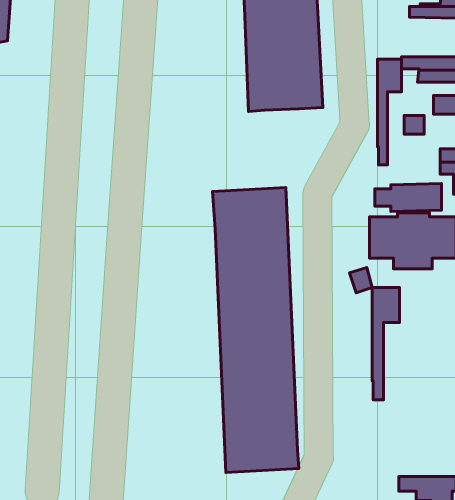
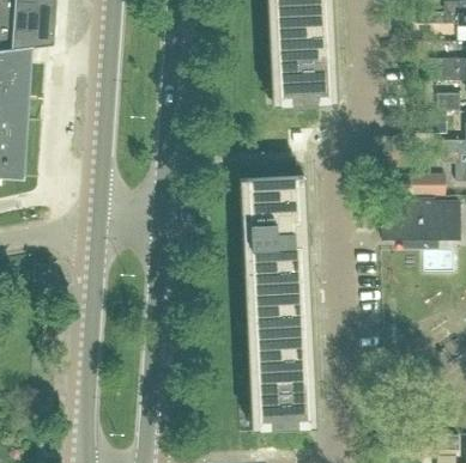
building: [377,59,401,165] -> none
building: [372,287,400,400] -> none

